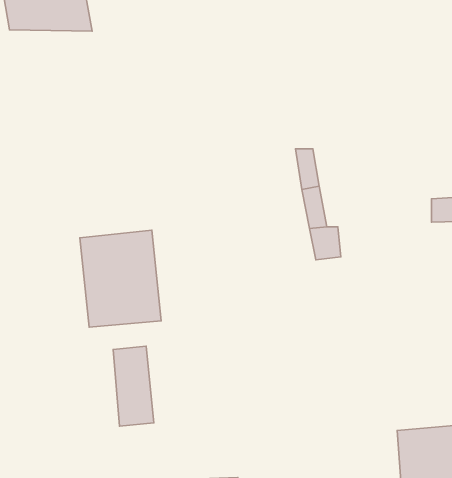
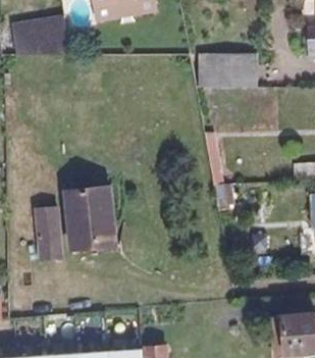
building: none -> [197,53,255,85]
building: [113,346,154,426] -> [35,206,61,258]

